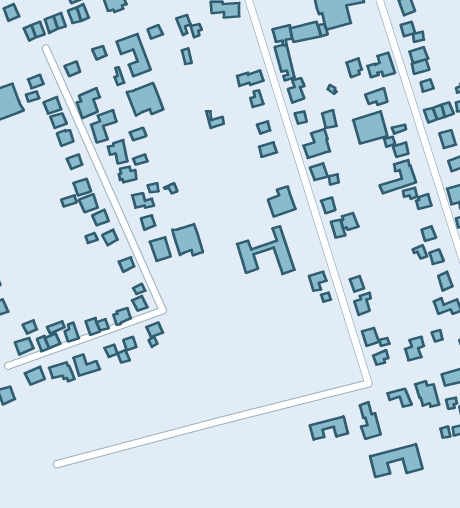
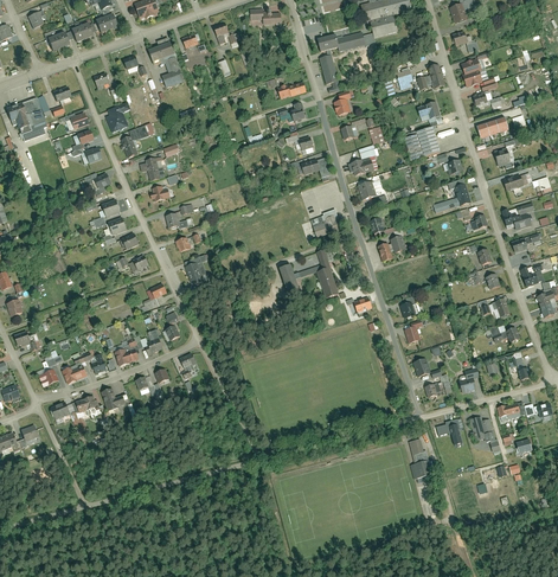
building: [127,83,163,116] -> none
building: [172,224,203,255] -> none
building: [310,416,348,440] -> none
building: [370,444,422,477] -> none

